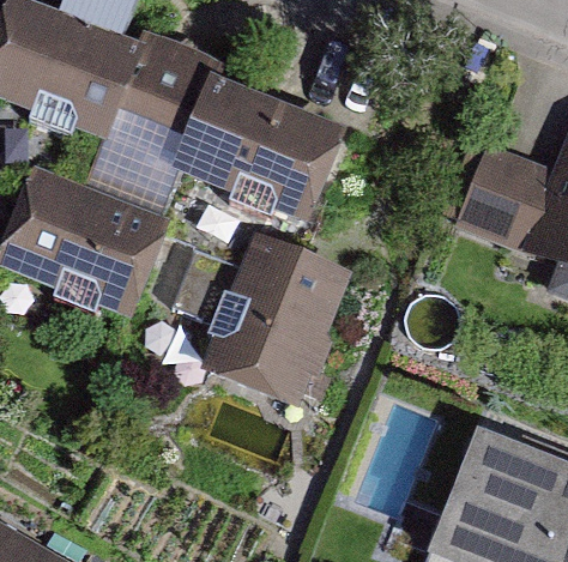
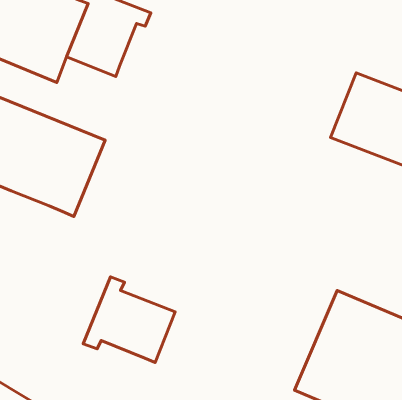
building: [173,78,349,231] -> none
building: [203,236,354,411] -> none
building: none -> [83,277,175,363]

